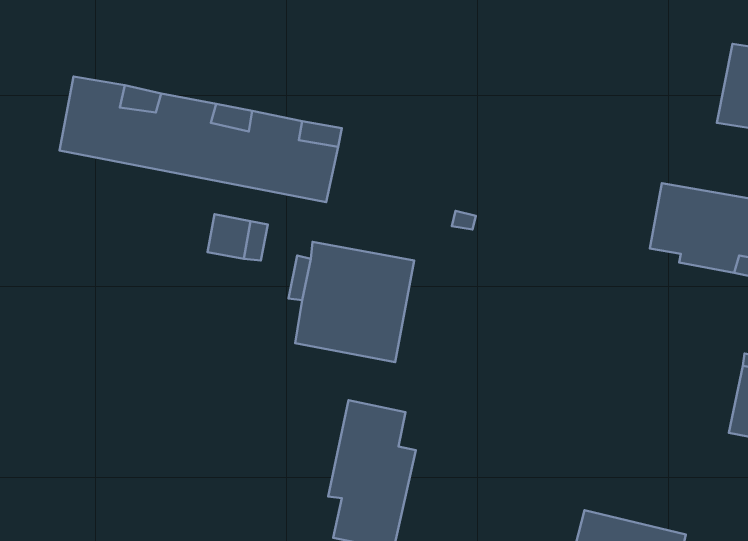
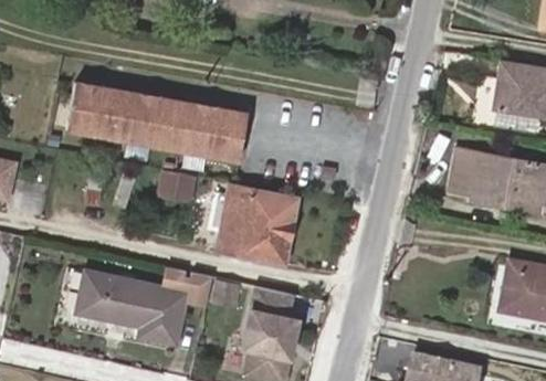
building: none -> [76,267,212,348]

